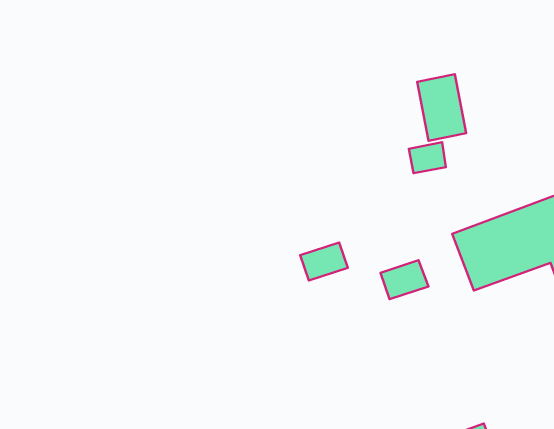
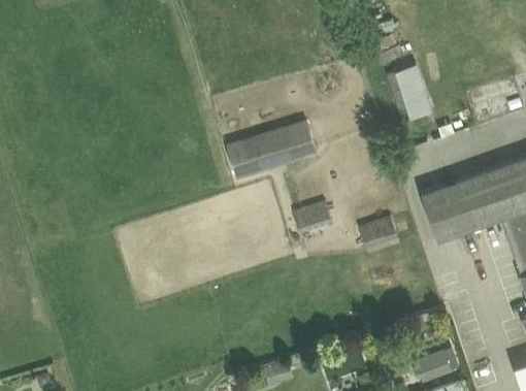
building: [409,142,446,173] -> none
building: none -> [226,121,317,180]

